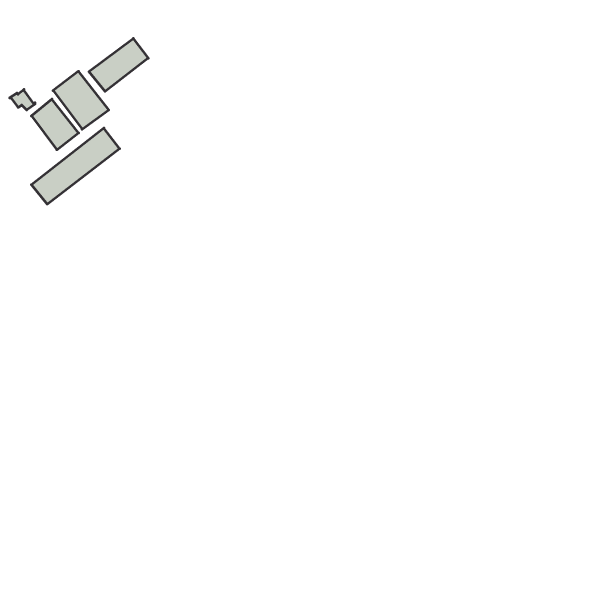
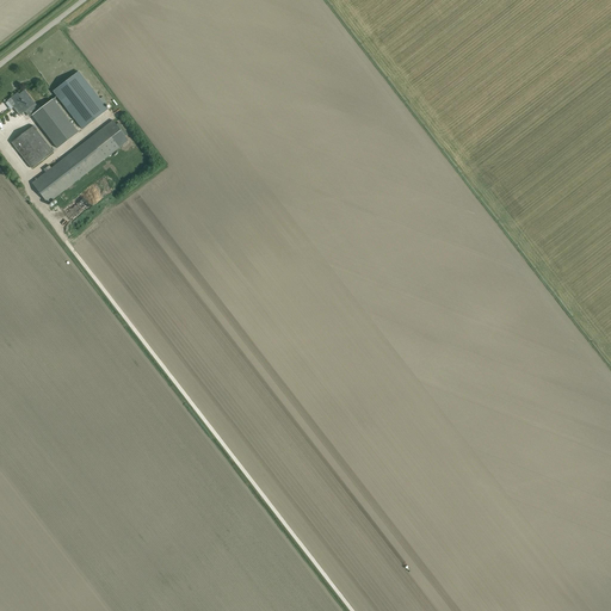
building: [89,38,148,91] -> none
building: none -> [11,124,53,167]

